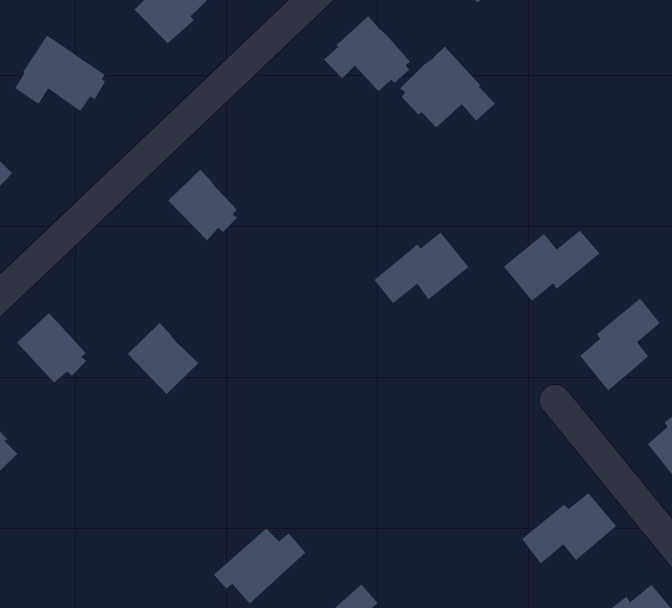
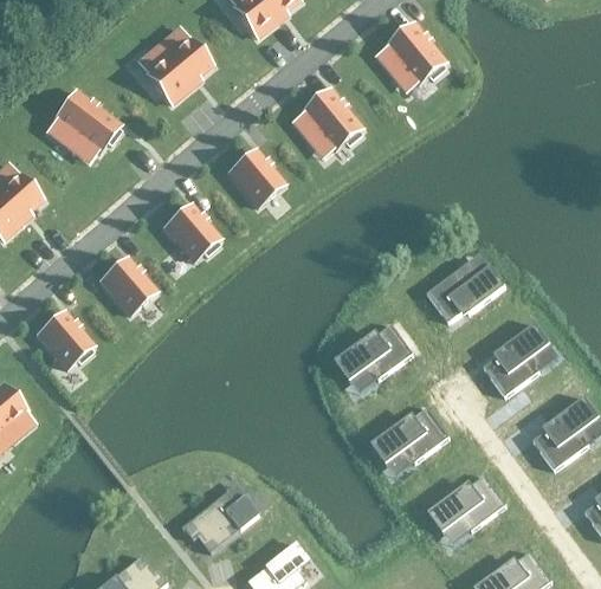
building: [399,46,496,128] -> none
building: none -> [226,149,283,206]
building: [374,232,470,304] -> [335,326,412,382]
building: [127,322,199,395] -> [98,257,155,315]
building: none -> [370,409,448,465]

